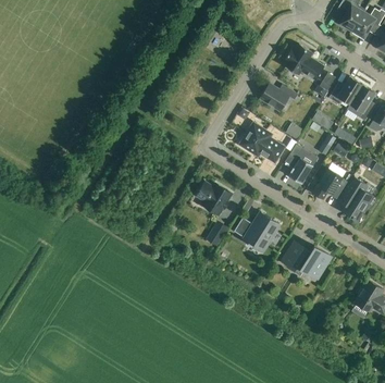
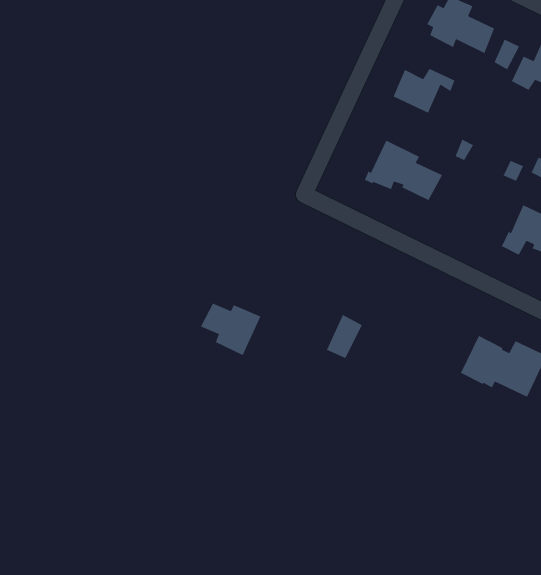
building: [286,144,313,183] -> none
building: [196,183,232,215] -> [200,303,262,356]
building: [233,212,278,251] -> none

